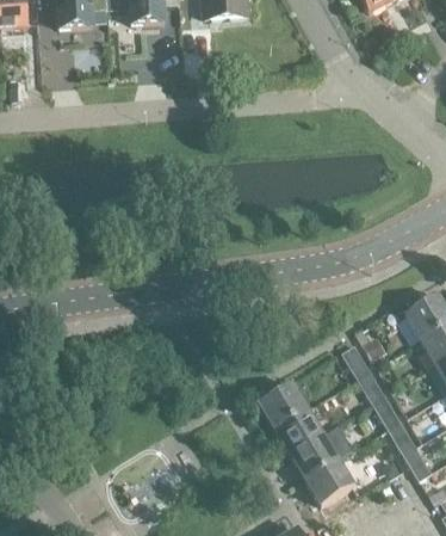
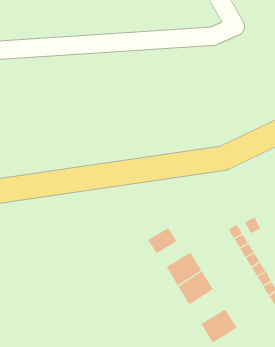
building: none -> [147,227,177,254]
building: [289,431,337,478] -> none

